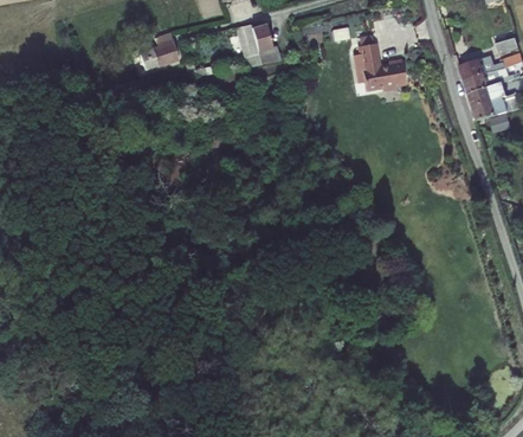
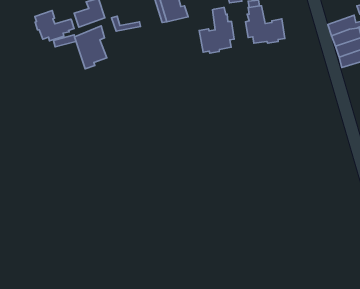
building: none -> [199,7,234,53]
building: none -> [35,11,74,41]
building: none -> [75,26,107,69]

